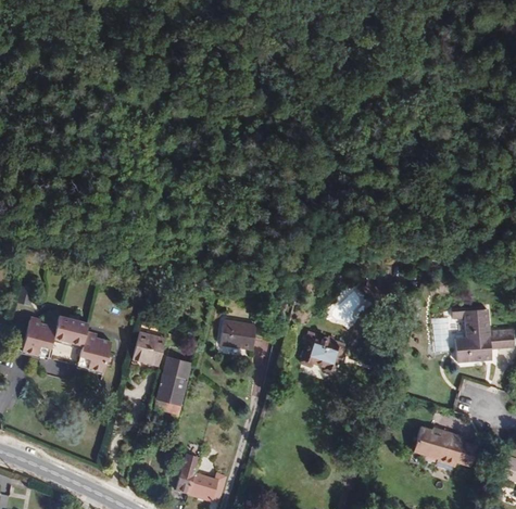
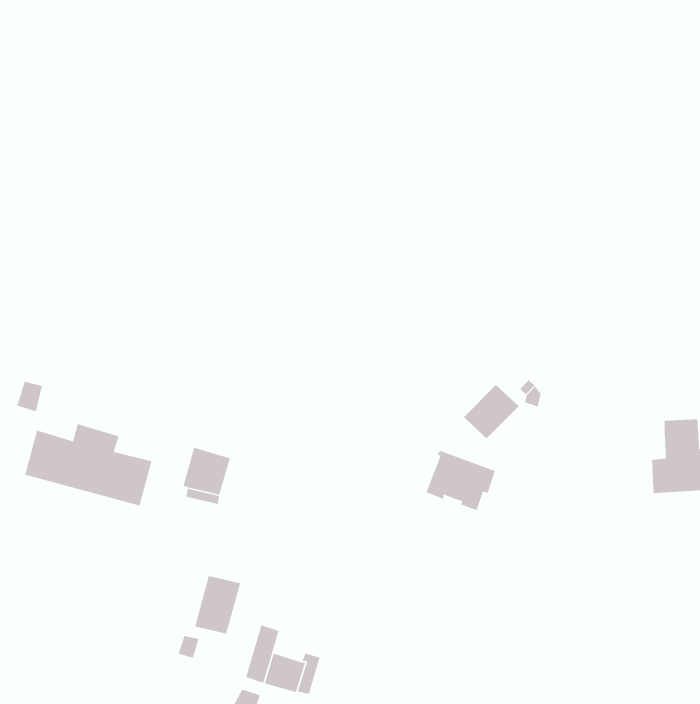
building: [221,319,255,349] -> none
building: [158,357,190,398] -> [194,575,241,635]
building: [414,427,477,468] -> none

